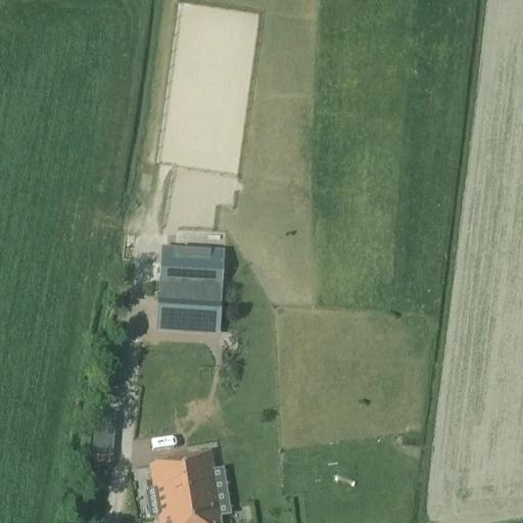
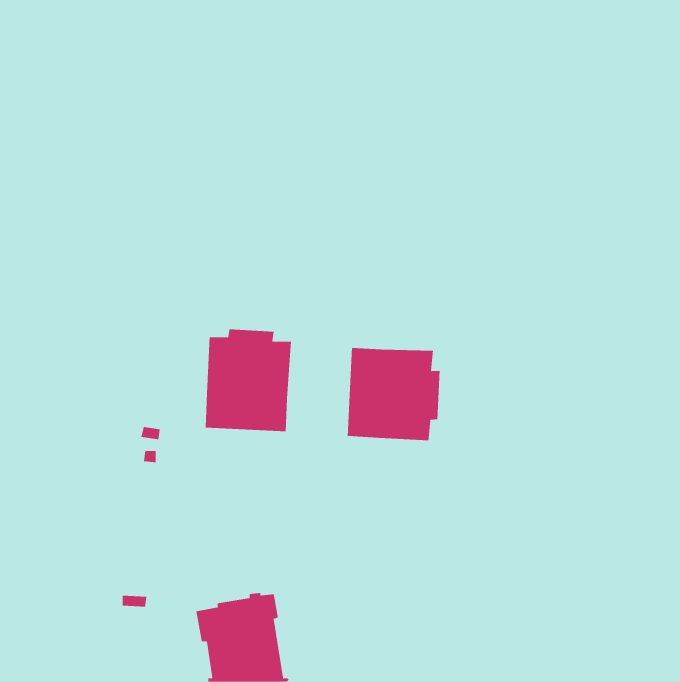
building: none -> [347,347,440,441]

